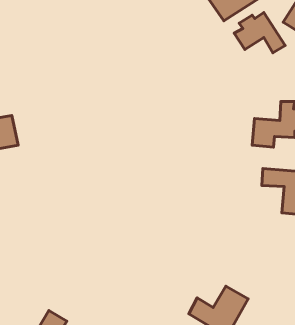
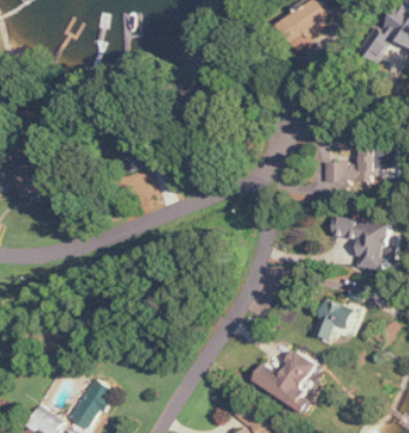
building: [234,13,285,53] -> none
building: none -> [312,297,360,339]

